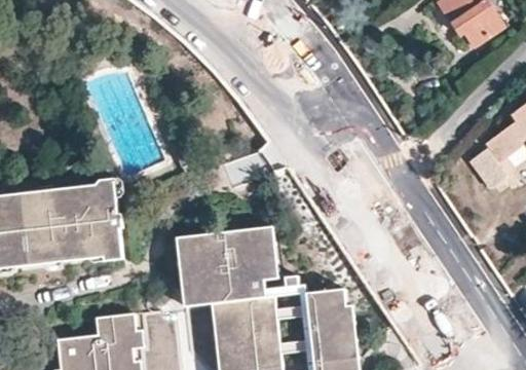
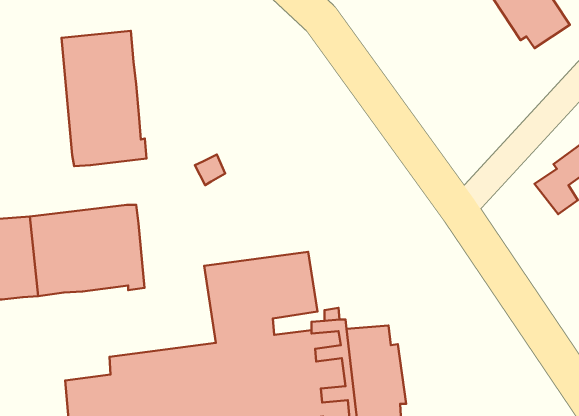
building: none -> [61,31,146,166]

